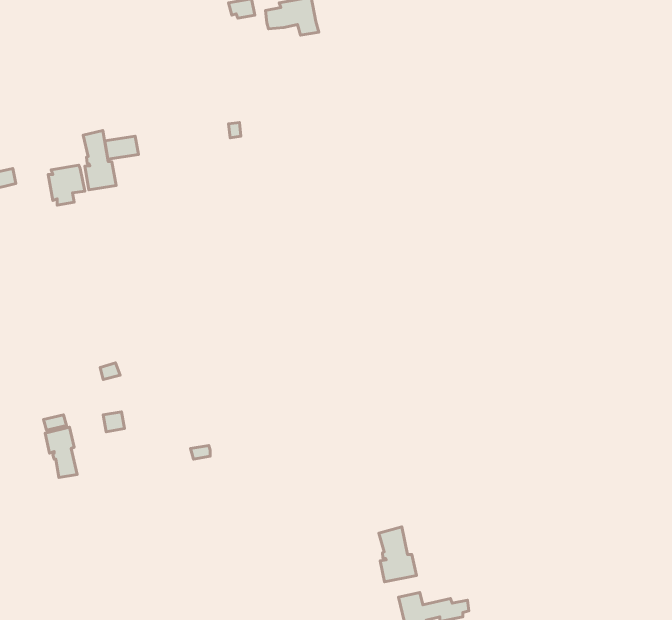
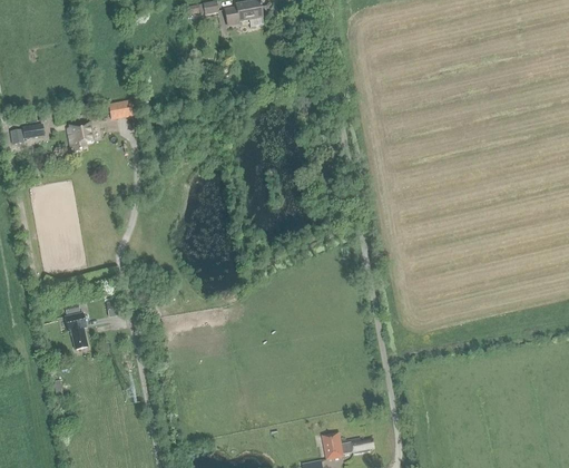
building: [83,130,116,190] -> none
building: [379,527,417,582] -> none

